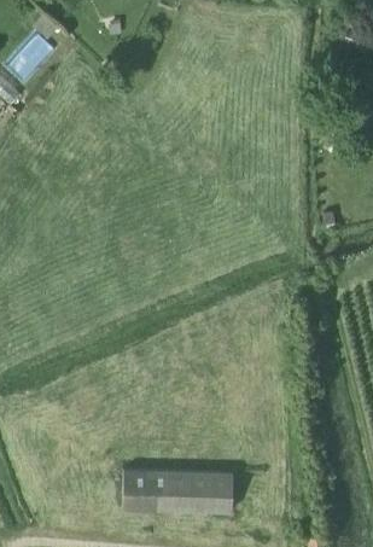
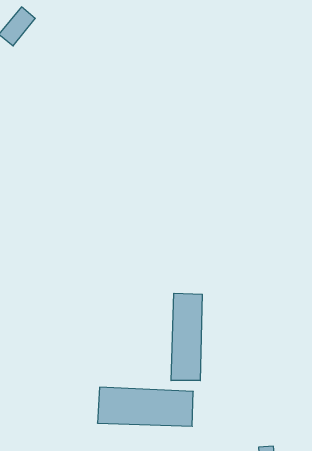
building: none -> [171,293,202,381]

